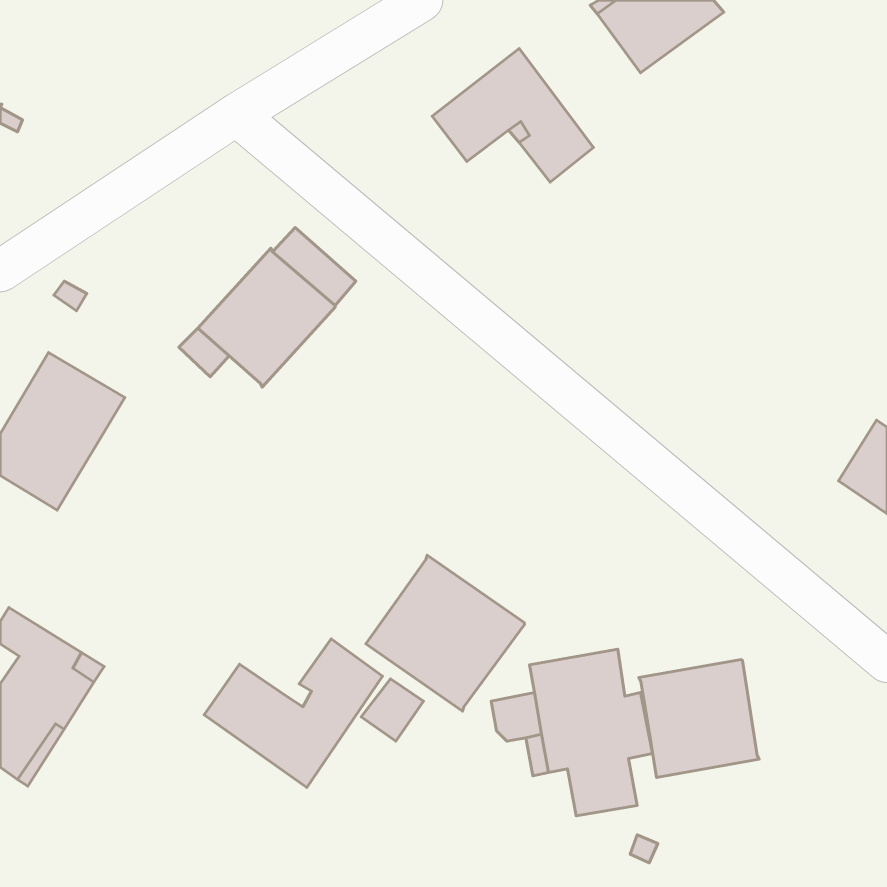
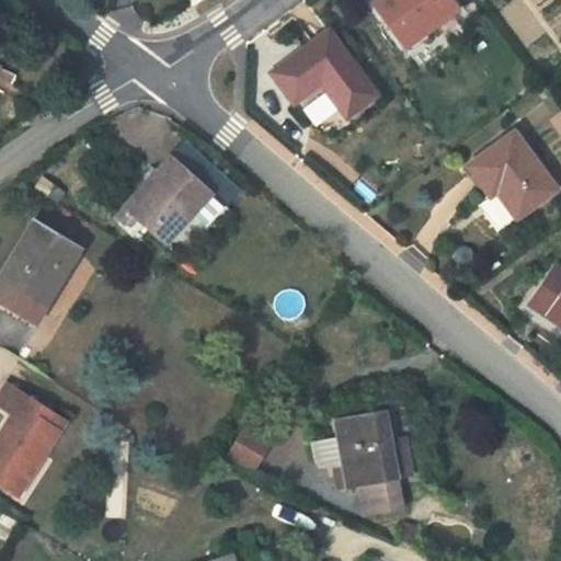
building: none -> [468,131,554,217]
building: [366,555,524,711] -> none
building: [204,639,383,787] -> none
building: [639,659,759,777] -> none

